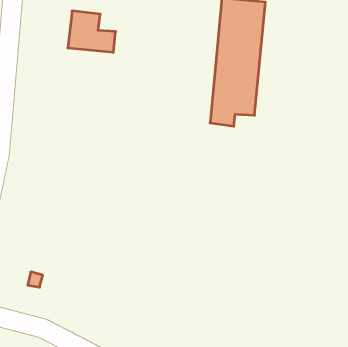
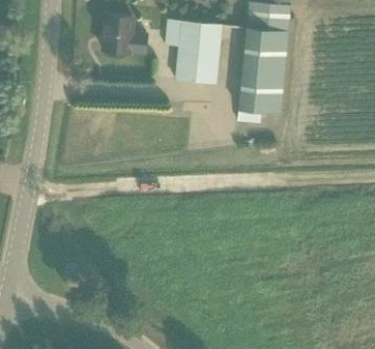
building: none -> [165,21,237,84]

